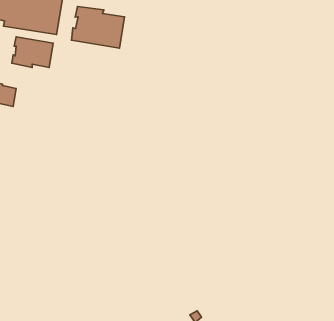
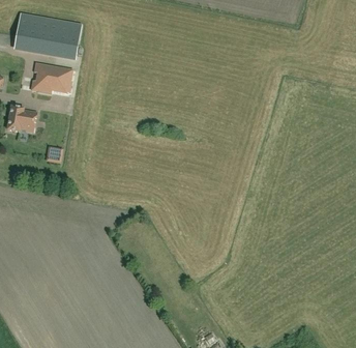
building: [72,6,125,48] -> none

